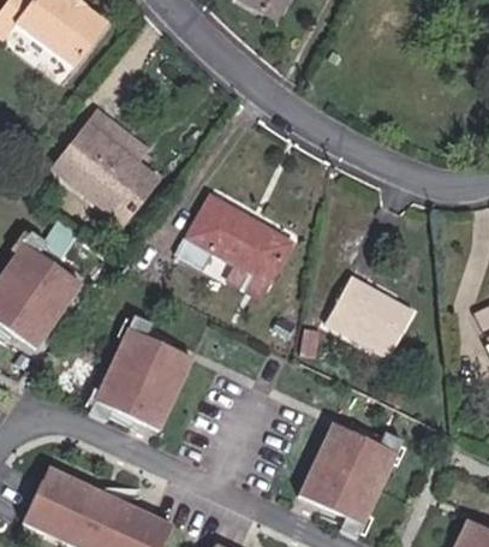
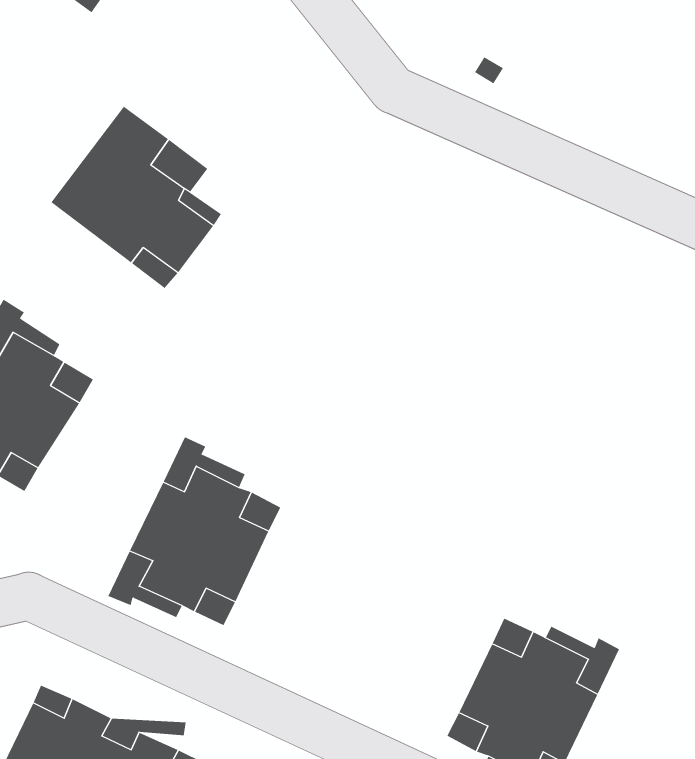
building: [187,197,288,284] -> none
building: [326,281,409,358] -> none

